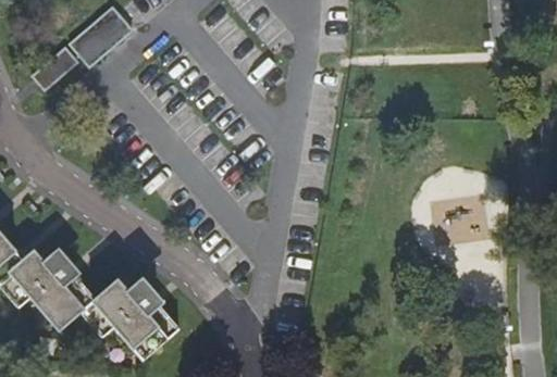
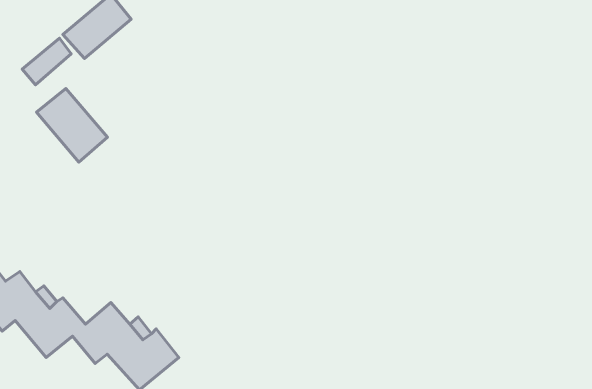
building: none -> [37,88,107,162]

